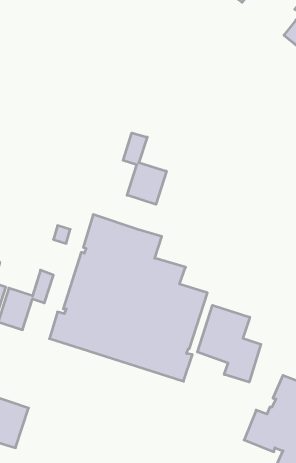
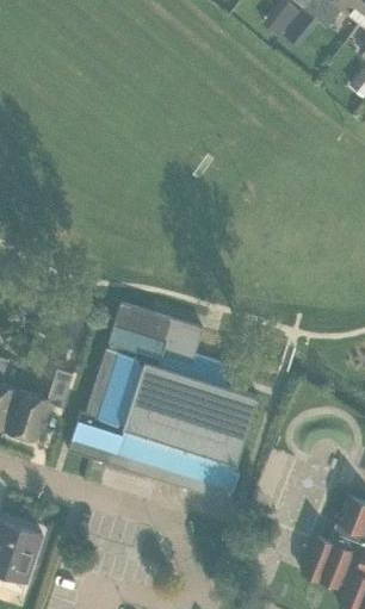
building: [123,133,166,204] -> none
building: [197,305,261,382] -> none

